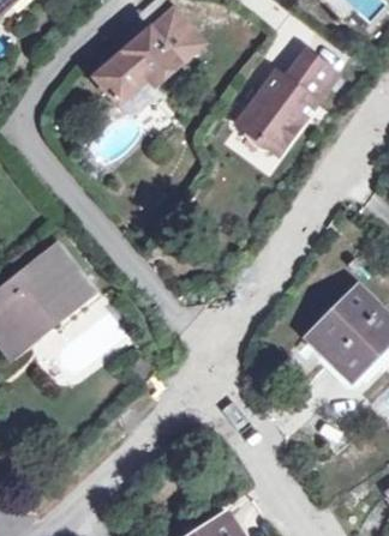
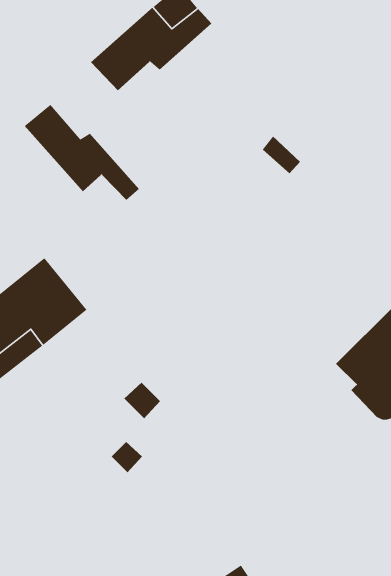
building: [235,50,333,151] -> none
building: none -> [24,104,140,201]

